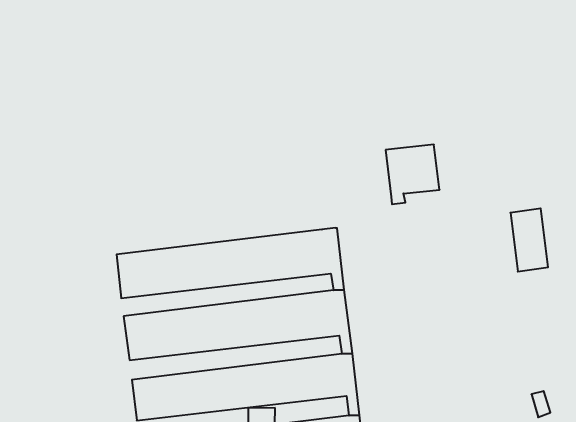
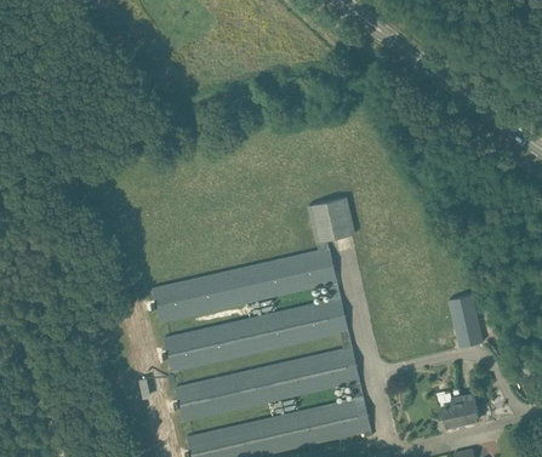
building: [386,145,440,204] -> [307,198,354,250]
building: [510,208,548,272] -> [447,295,483,348]

